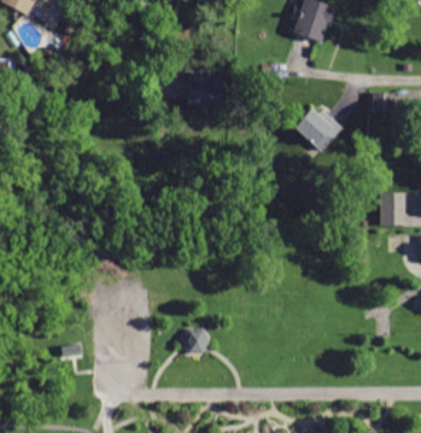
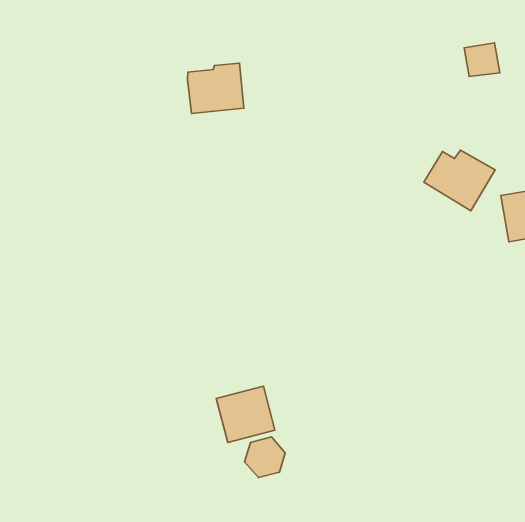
building: [294,109,343,151] -> [424,150,495,211]
building: none -> [216,386,275,442]

